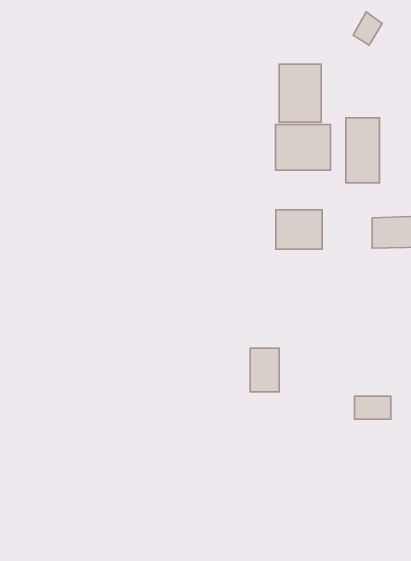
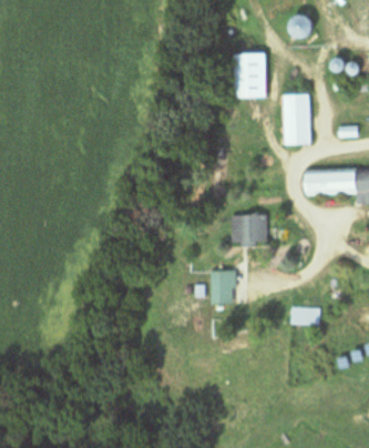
building: [276,125,331,170] -> none
building: [276,210,322,249] -> [232,215,267,245]

